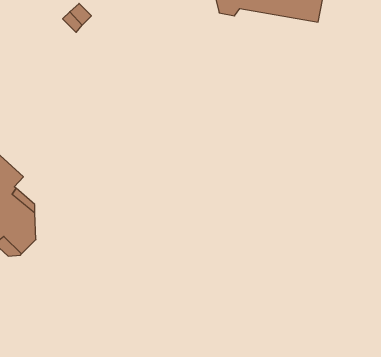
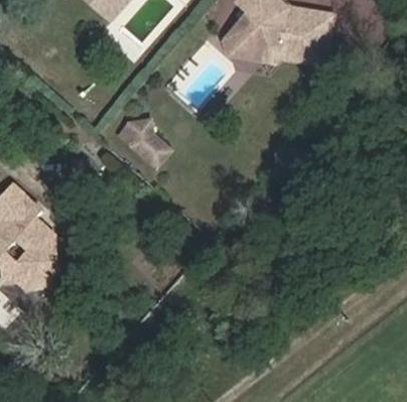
building: none -> [128,120,164,162]

